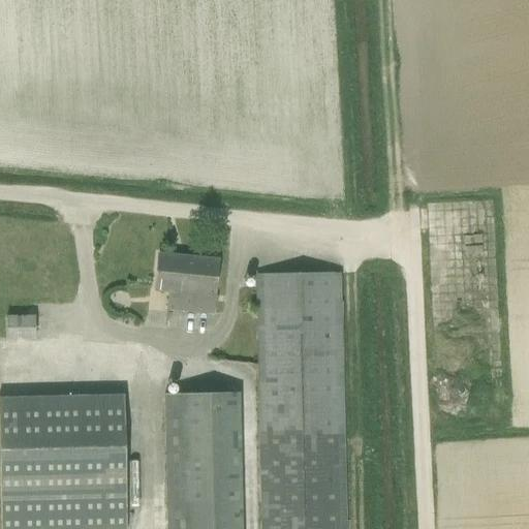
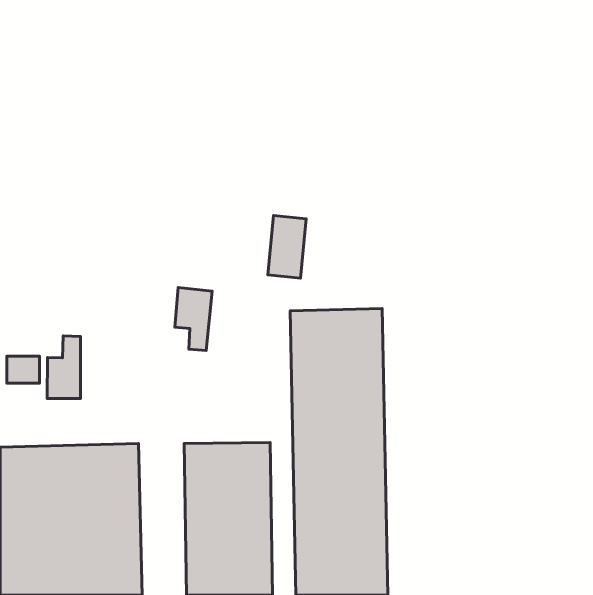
building: [185,258,219,314] -> [268,215,306,278]
building: none -> [47,336,81,399]

